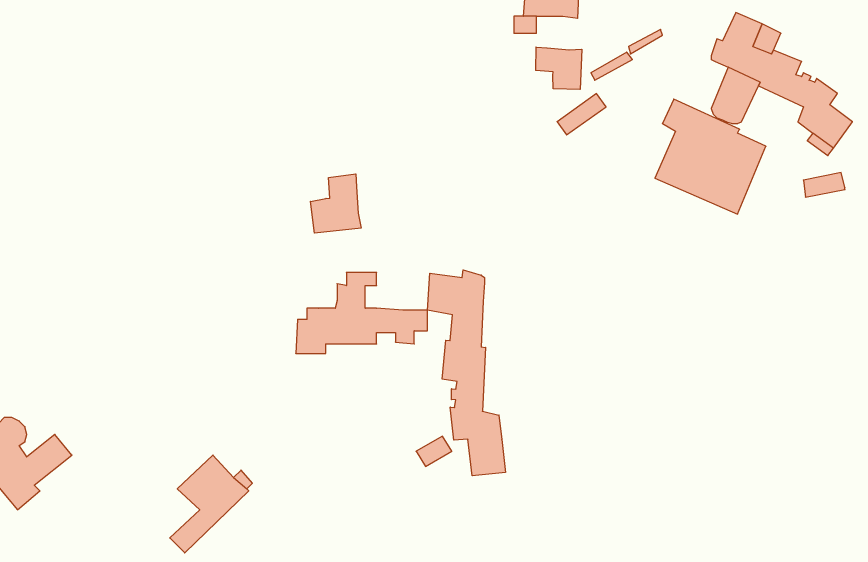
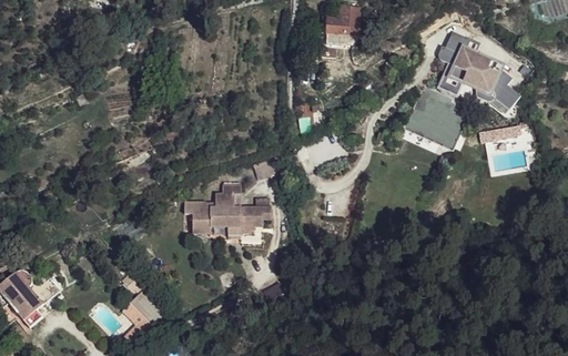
building: [536,47,582,89] -> none
building: [310,174,361,233] -> none
building: [427,270,505,476] -> none

